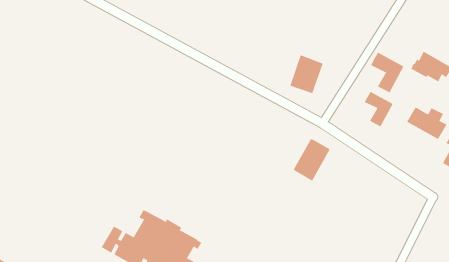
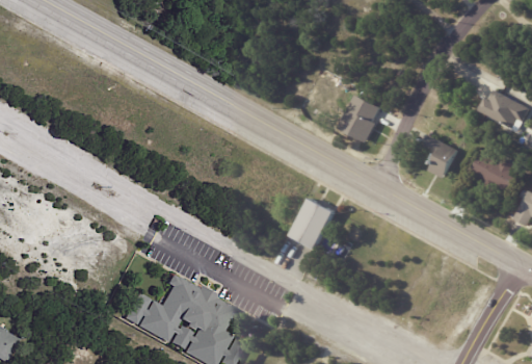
building: [371,52,404,93] -> none
building: [293,139,330,182] -> [291,201,335,251]

